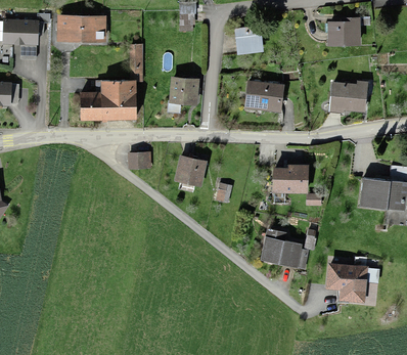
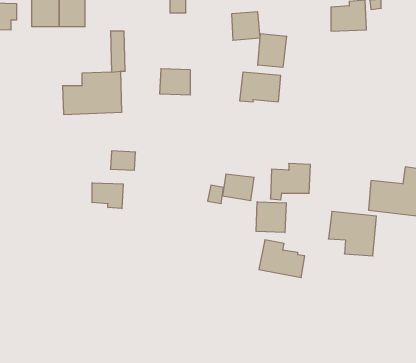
building: none -> [258,34,286,67]
building: [328,81,367,114] -> none
building: [175,159,204,182] -> [222,174,254,200]
building: none -> [92,183,123,209]
building: none -> [256,202,286,233]
building: [325,263,368,303] -> [328,211,376,256]

